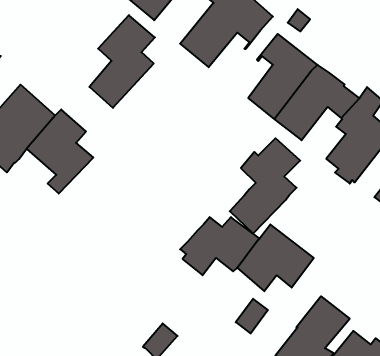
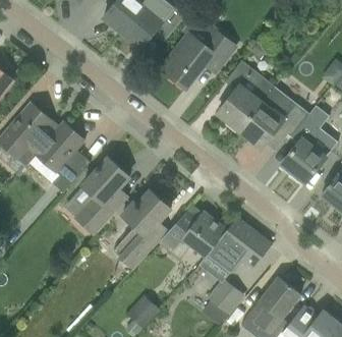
building: [89,15,155,108] -> [75,158,129,234]
building: [230,138,300,234] -> [113,190,171,269]

